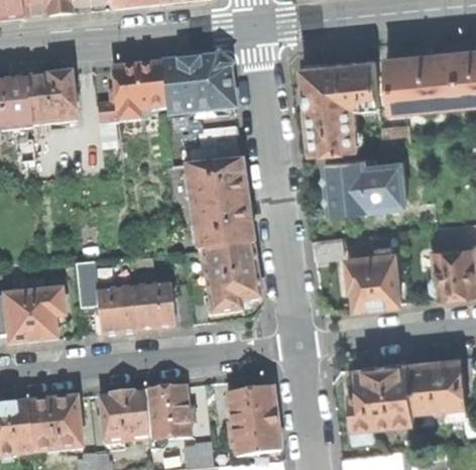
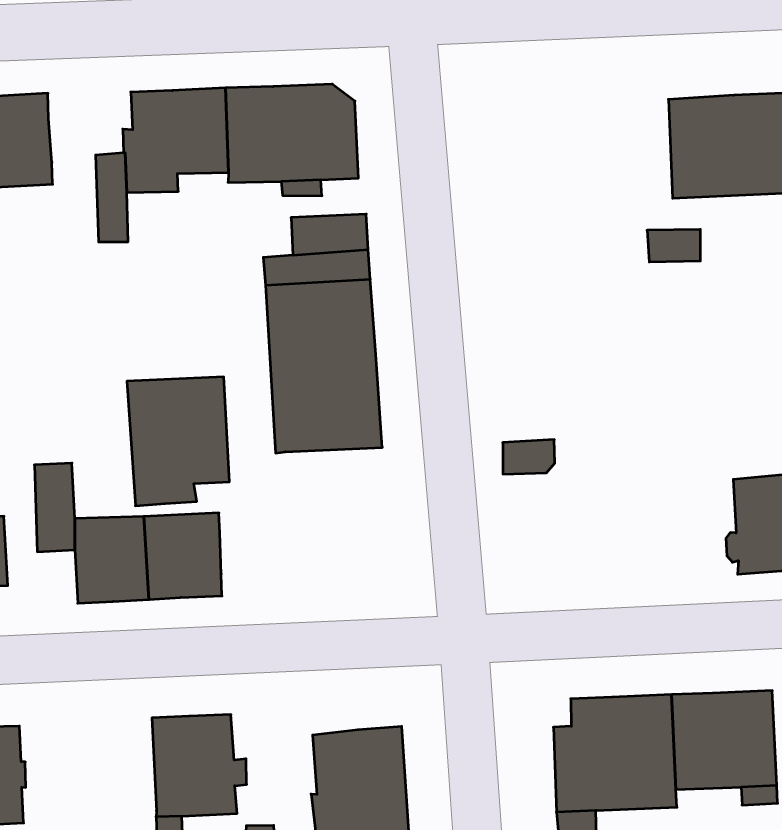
building: [303,57,379,151] -> none
building: [326,156,407,211] -> none
building: [204,244,259,313] -> [127,377,229,506]
building: [347,252,401,307] -> none
building: [98,389,148,442] -> none

